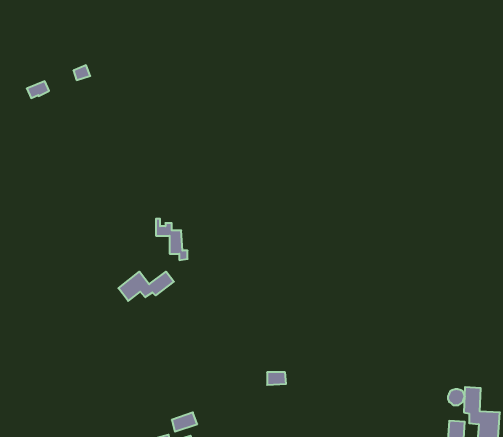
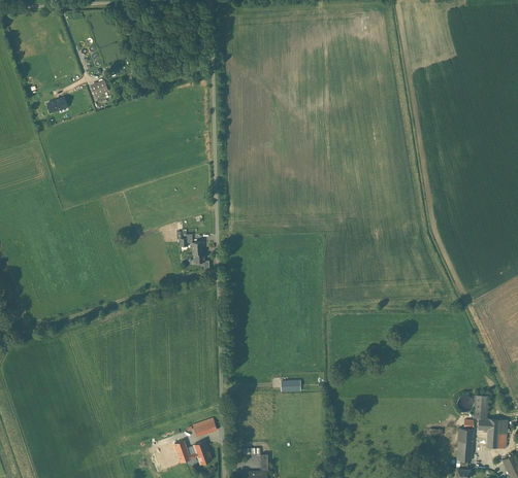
building: [118,272,174,301] -> none

